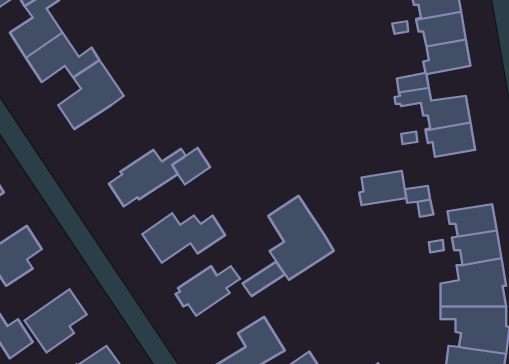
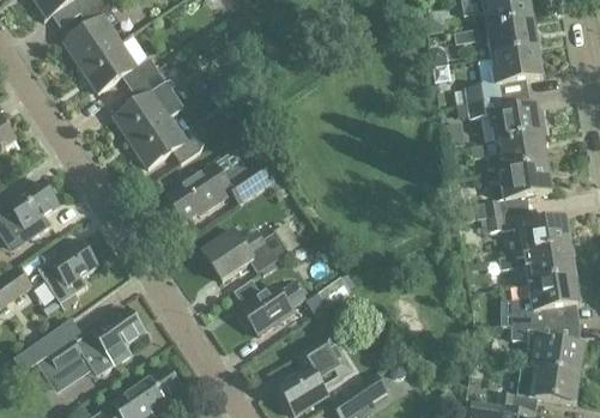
building: none -> [131,116,205,168]
building: [359,171,406,205] -> [503,163,552,199]
building: [268,196,334,280] -> none

